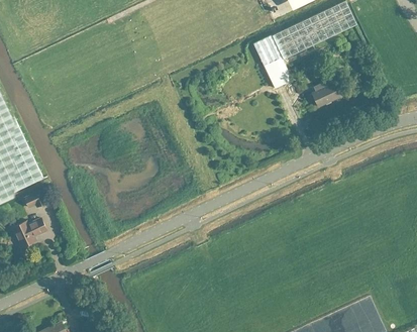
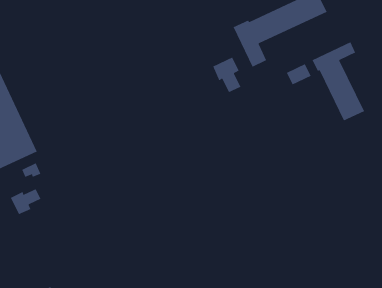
building: none -> [312,41,365,122]
building: none -> [212,57,242,93]

